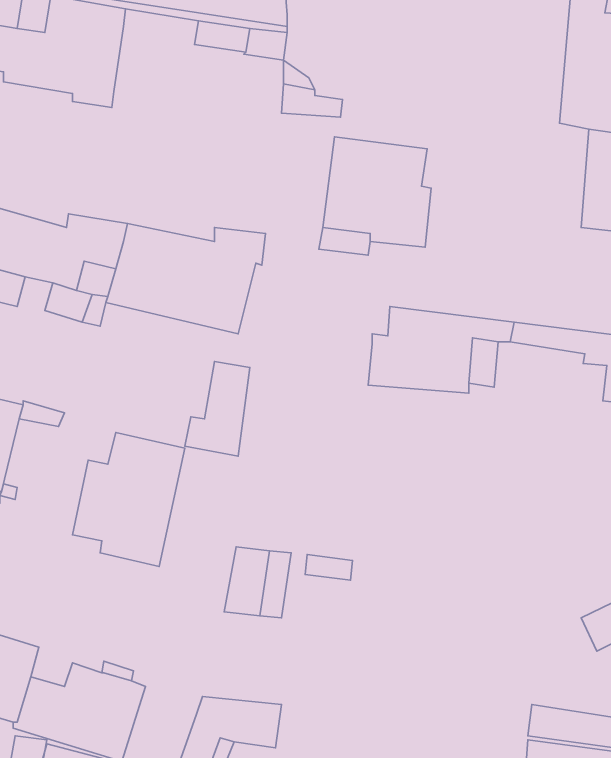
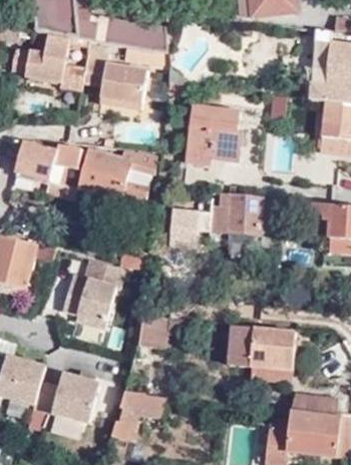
building: none -> [81,49,146,108]
building: none -> [166,207,213,252]
building: none -> [229,326,295,382]

